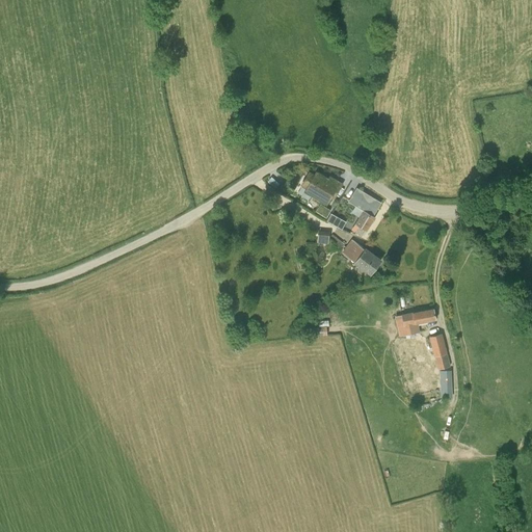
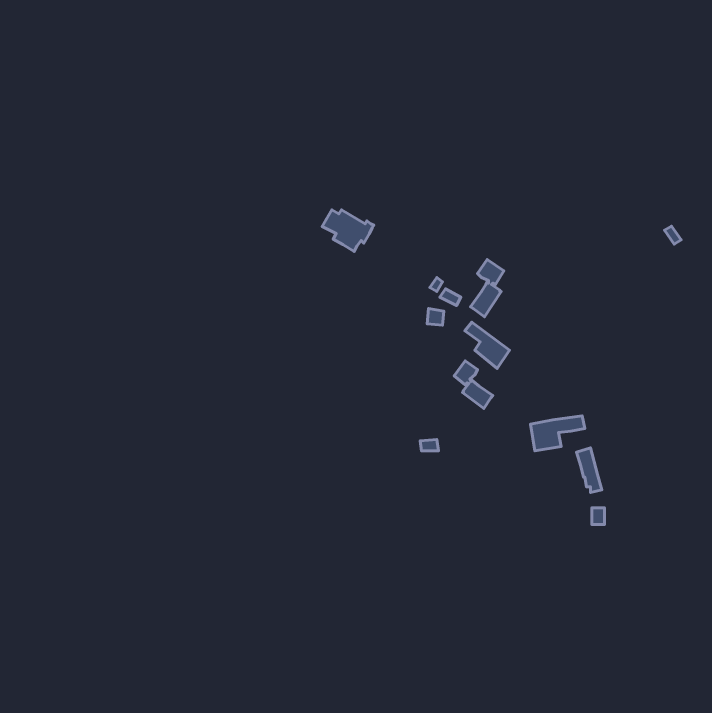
building: [301,172,340,204] -> [322,210,374,252]
building: none -> [454,361,493,408]

